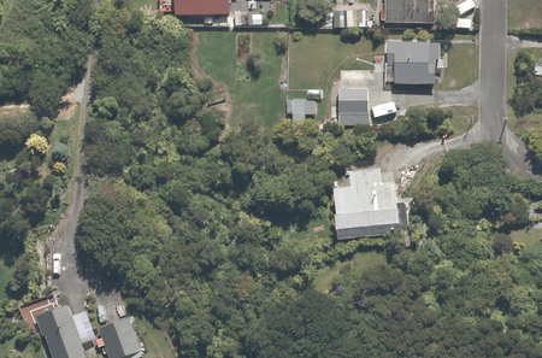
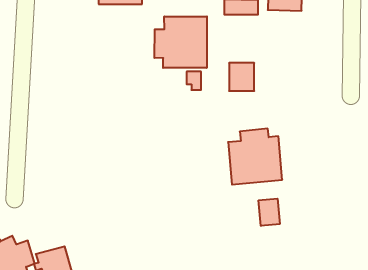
building: none -> [154,16,207,68]
building: [384,41,435,83] -> none
building: none -> [259,199,280,226]

